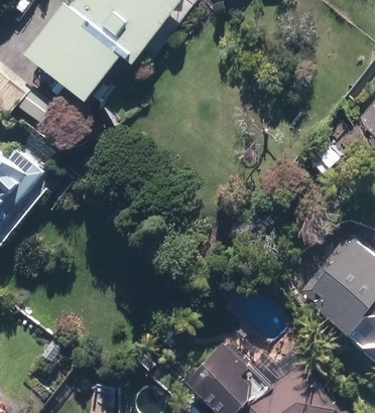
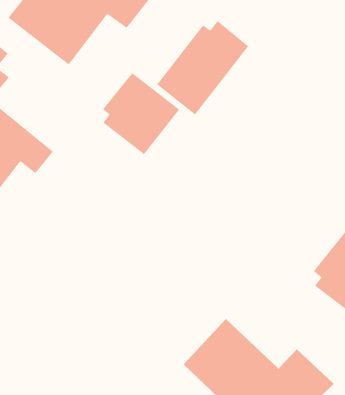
building: none -> [156,20,249,115]
building: none -> [102,72,180,155]

